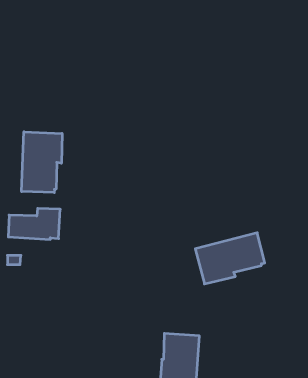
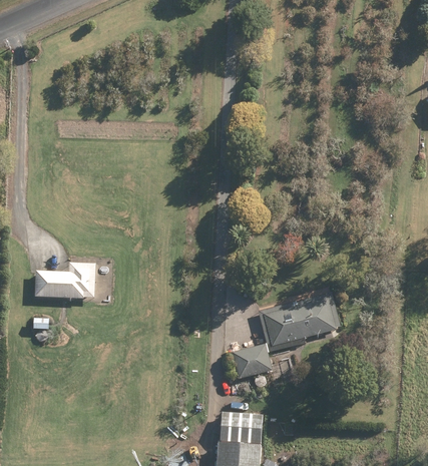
building: [22,132,62,193] -> none
building: none -> [231,343,274,380]

